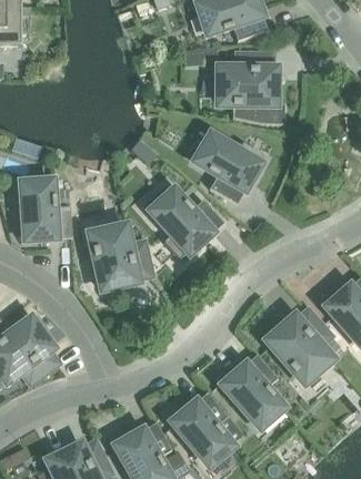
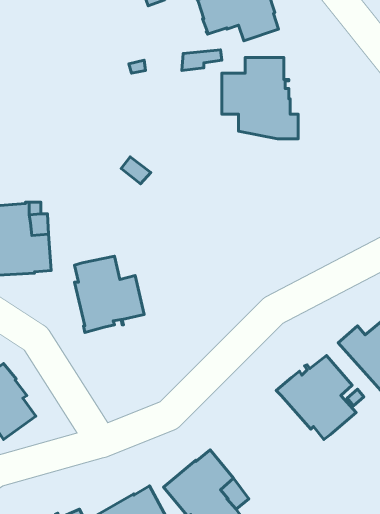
building: [191,133,265,203] -> none
building: [149,187,222,261] -> none
building: [213,353,283,428] -> none

